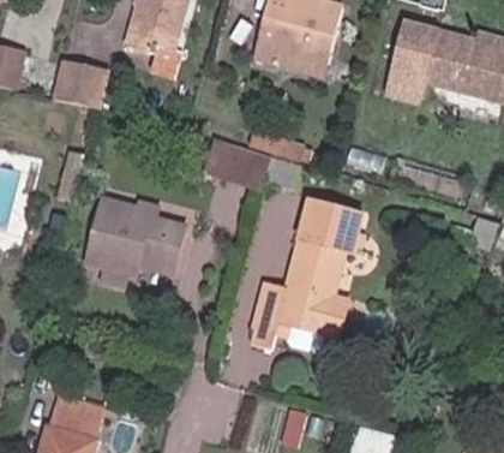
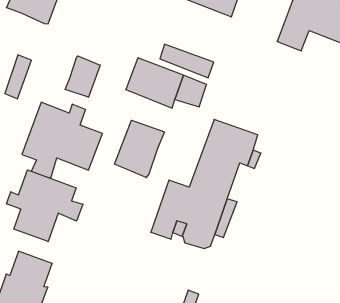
building: none -> [65,56,100,97]
building: none -> [114,120,165,178]
building: none -> [7,170,83,242]

